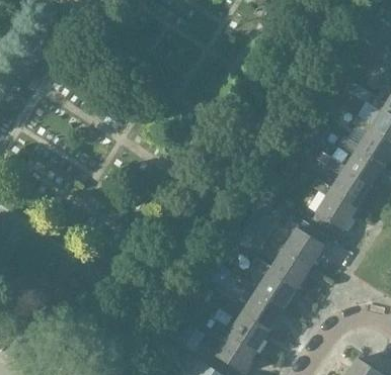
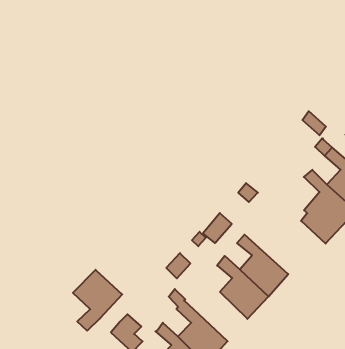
building: [279,218,329,266] -> none
building: [237,281,284,330] -> none
building: none -> [73,270,122,331]

